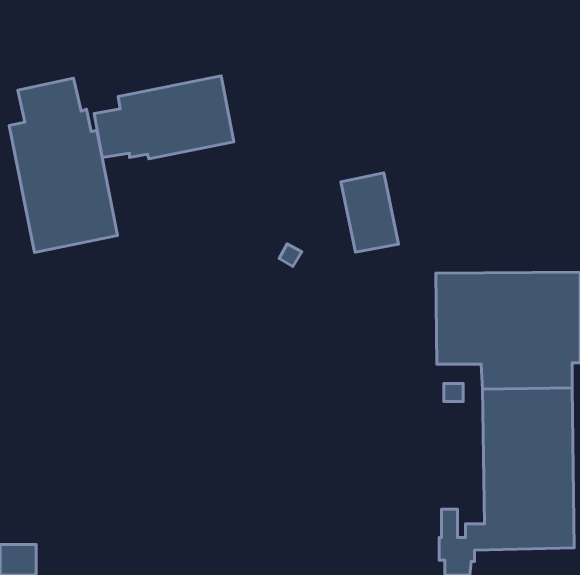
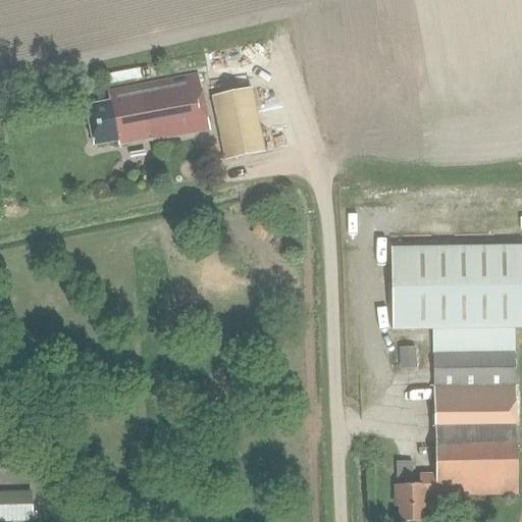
building: [9,78,117,253] -> none
building: [341,173,399,252] -> [214,86,266,157]

